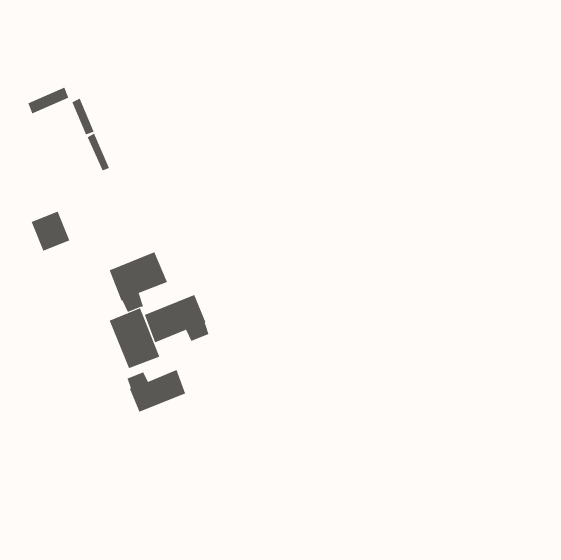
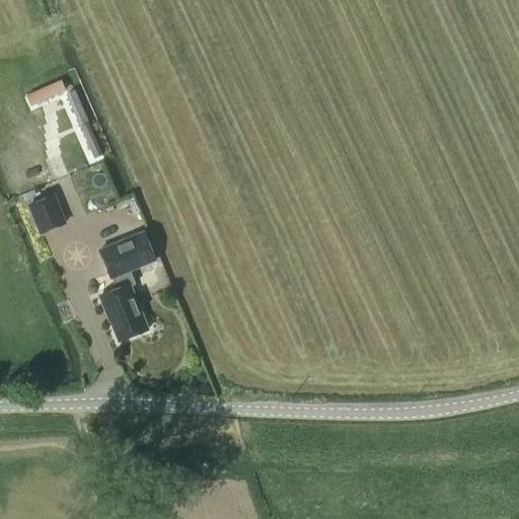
building: [144,294,209,343] -> none
building: [127,369,186,412] -> none

